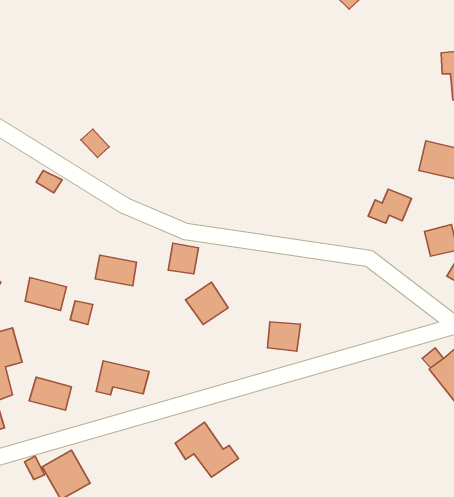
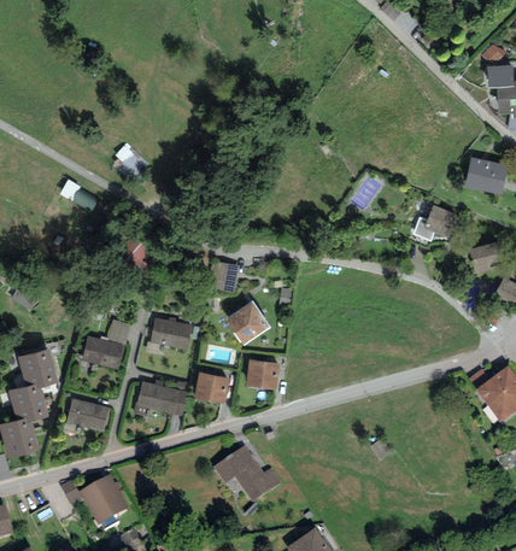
building: [95,255,136,286] -> [149,317,192,348]
building: [25,278,66,310] -> [82,335,124,369]
building: [267,322,300,351] -> [246,359,280,389]
building: none -> [194,371,229,404]

